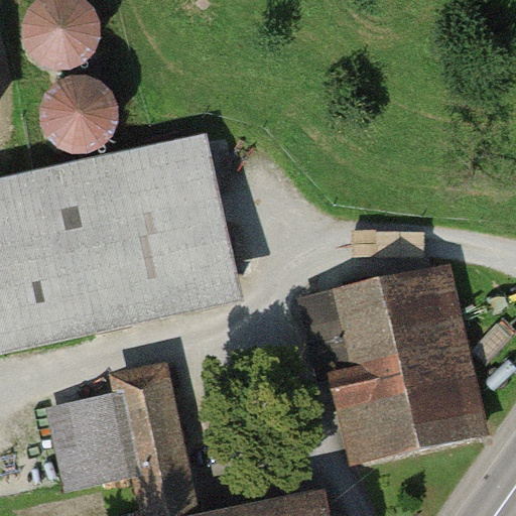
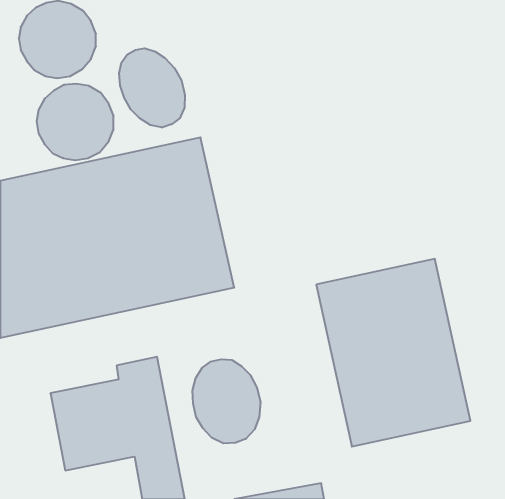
building: none -> [119,48,185,128]
building: none -> [193,359,260,443]

